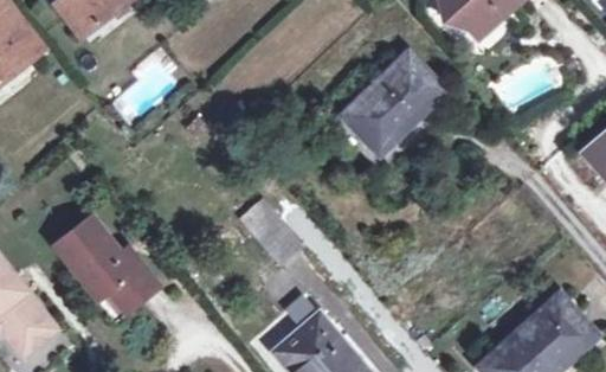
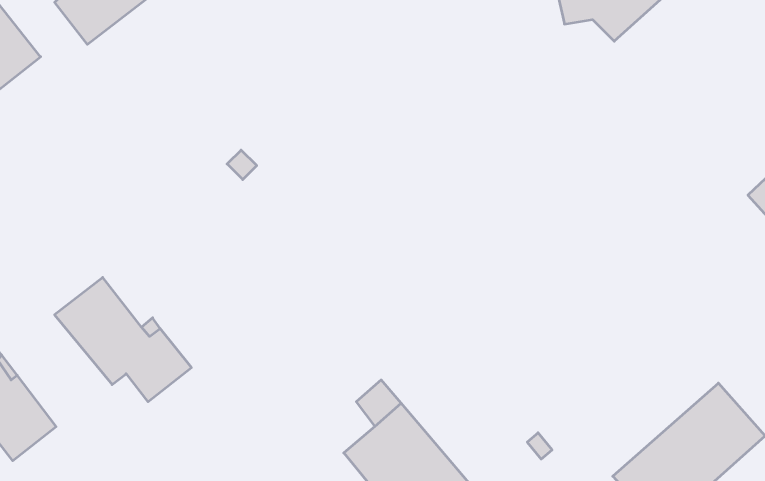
building: [342,53,441,152] -> none
building: [239,199,299,263] -> none

